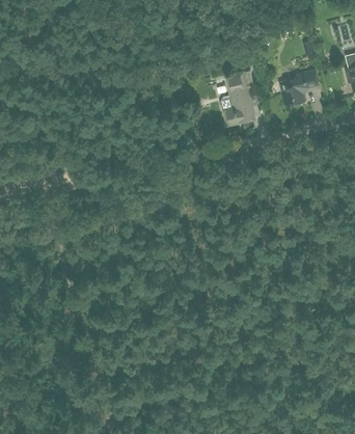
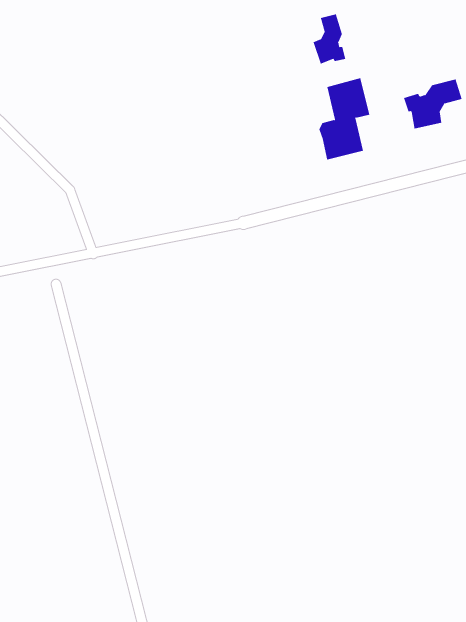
building: none -> [313,14,346,65]

